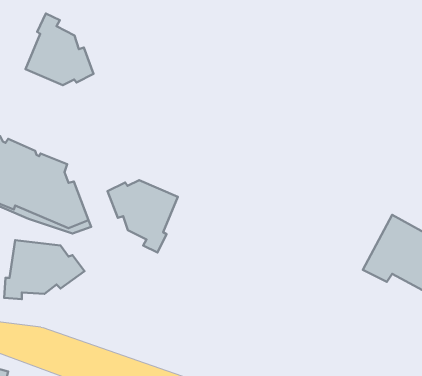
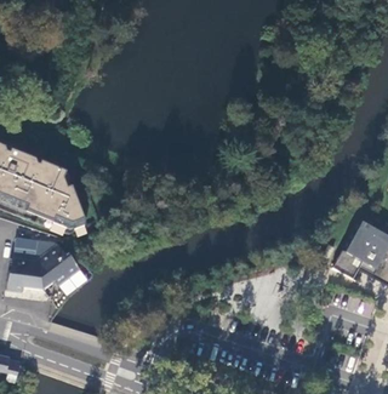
building: [26,14,94,85] -> none
building: [108,180,178,253] -> none

